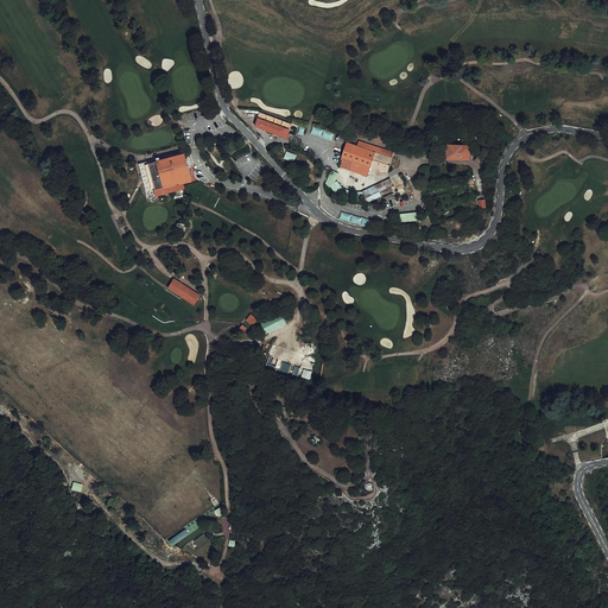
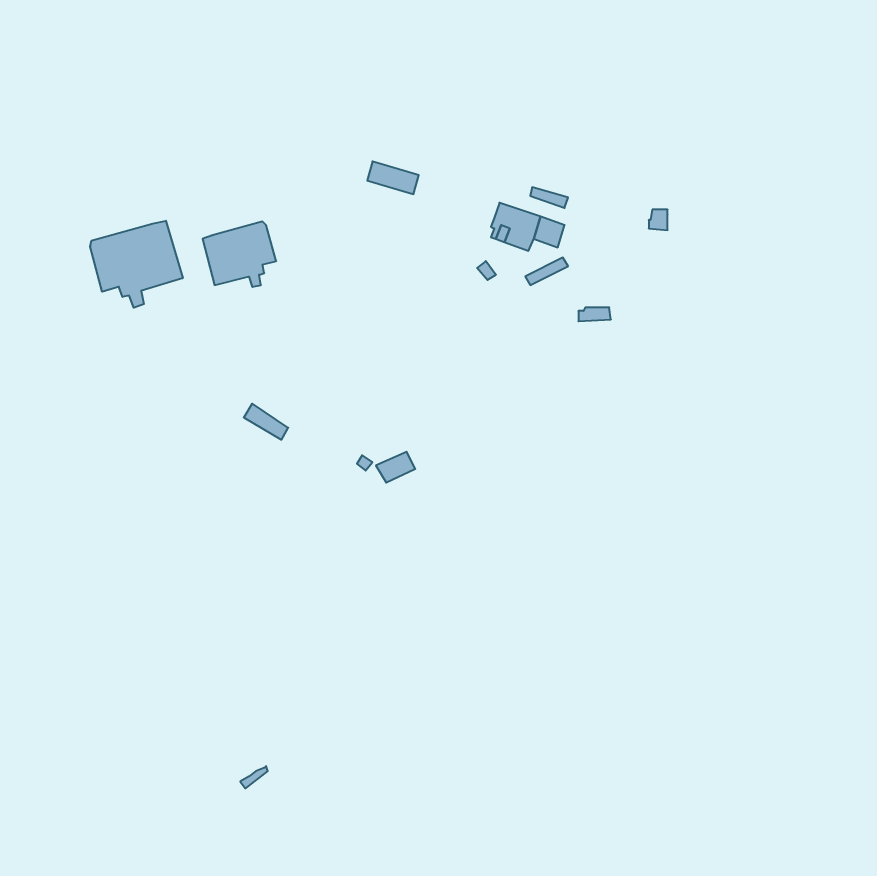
building: none -> [90,221,183,308]

